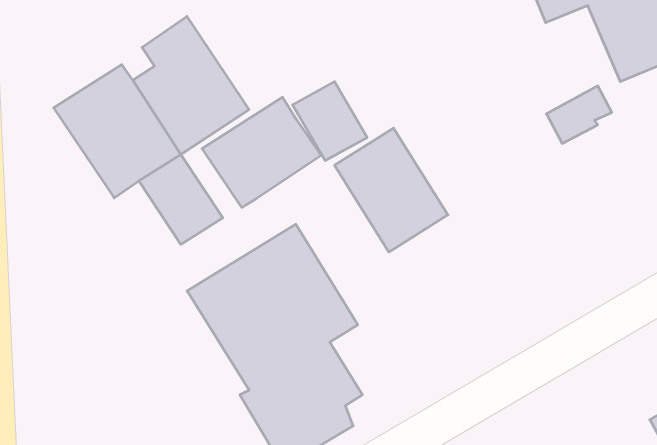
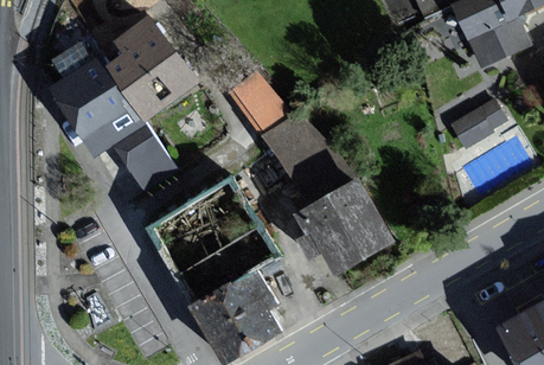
building: [546,86,612,143] -> [448,101,498,145]
building: [202,97,321,207] -> none
building: none -> [293,178,393,273]

